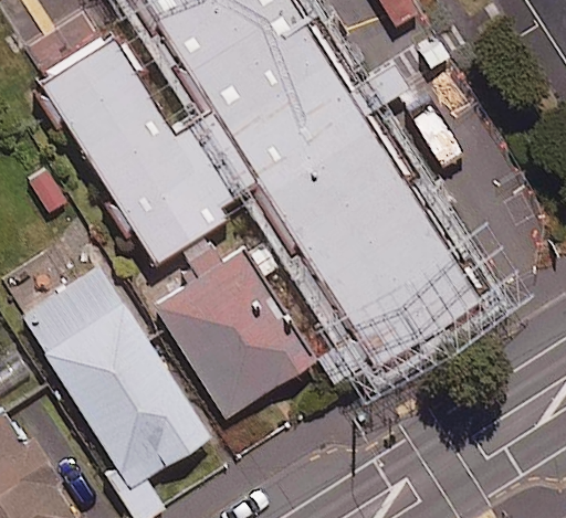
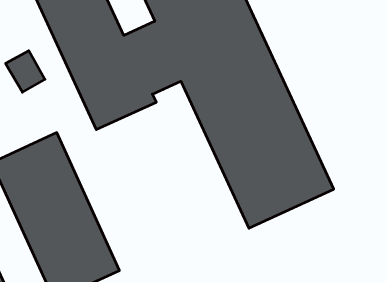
building: [156,237,314,417] -> none

